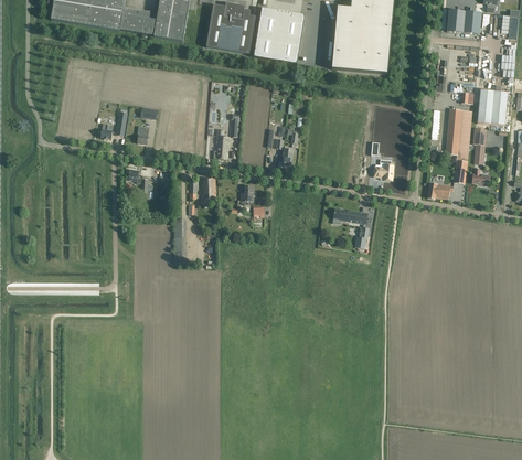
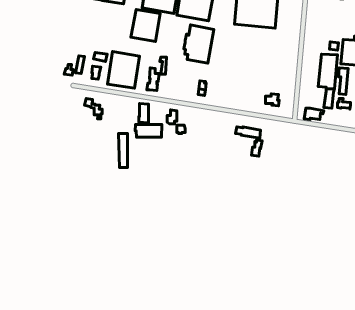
building: none -> [131,9,160,42]
building: none -> [184,25,214,63]
building: none -> [107,51,140,88]
building: none -> [135,125,162,137]

